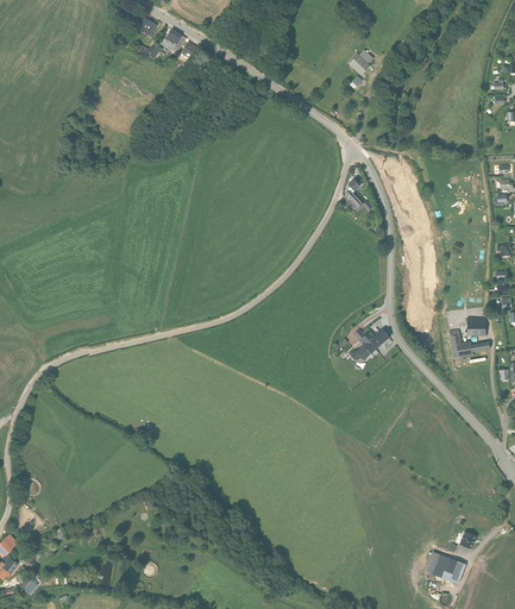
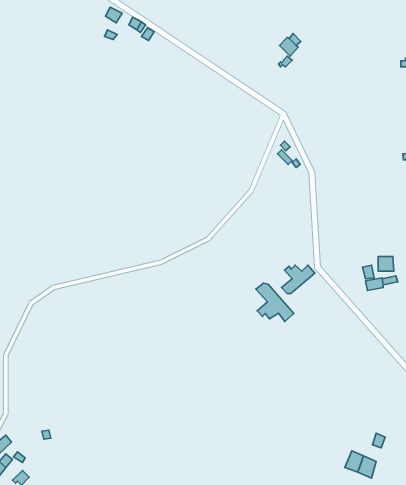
building: none -> [256,283,294,321]

